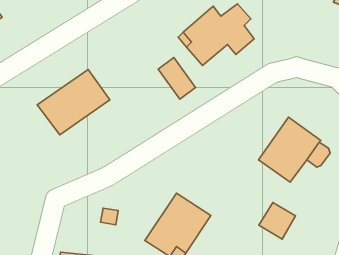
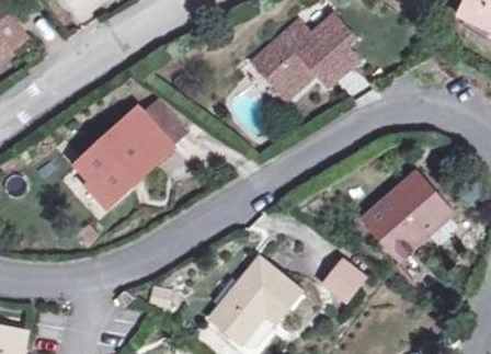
building: [158,57,196,99] -> [137,93,186,148]
building: [259,203,295,239] -> [324,261,373,309]

